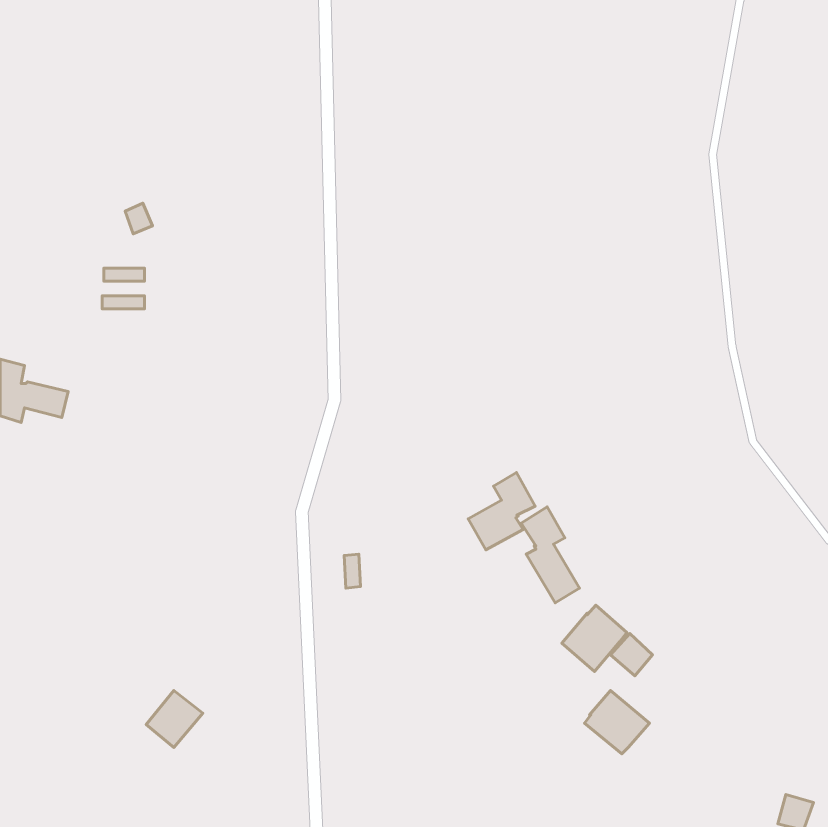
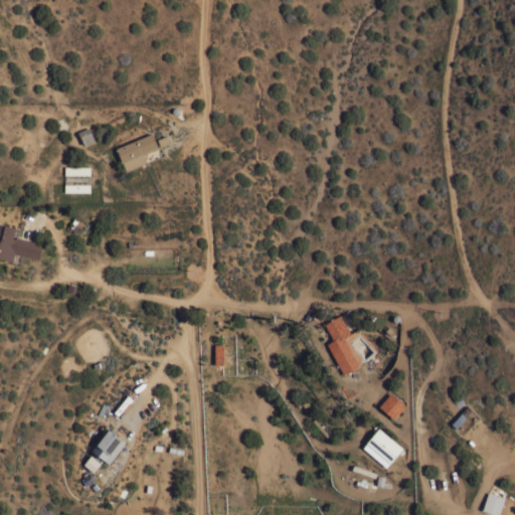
building: none -> [117,134,159,171]
building: [468,473,535,550] -> none
building: [562,605,627,672] -> none

